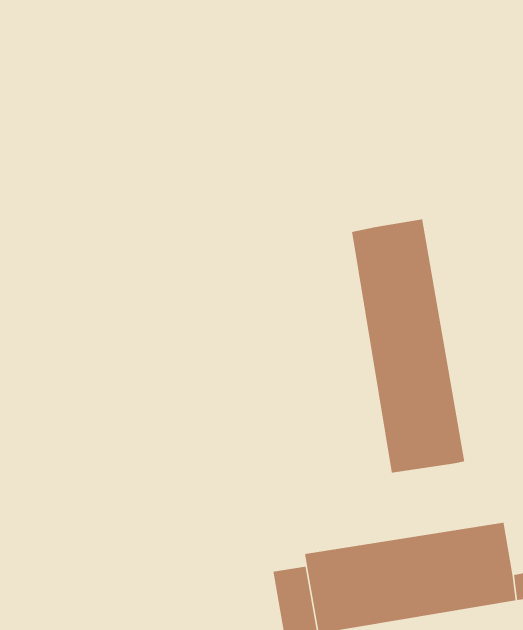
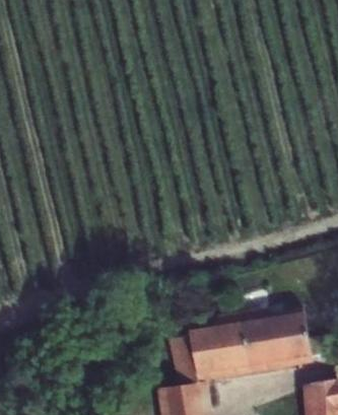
building: [351,219,465,473] -> none

